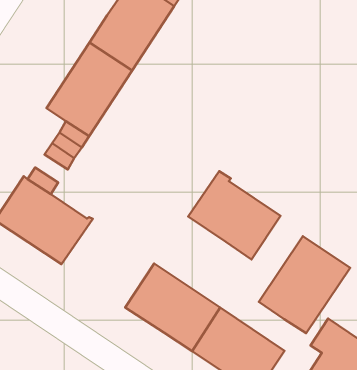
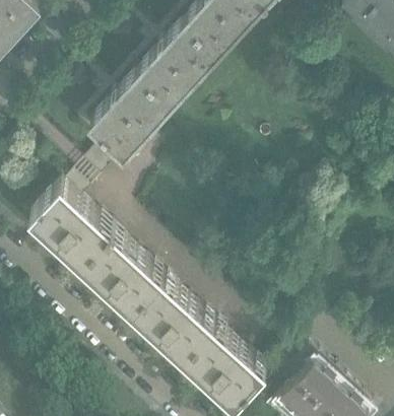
building: [188,171,281,260] -> [82,233,163,316]
building: [259,236,350,333] -> none

